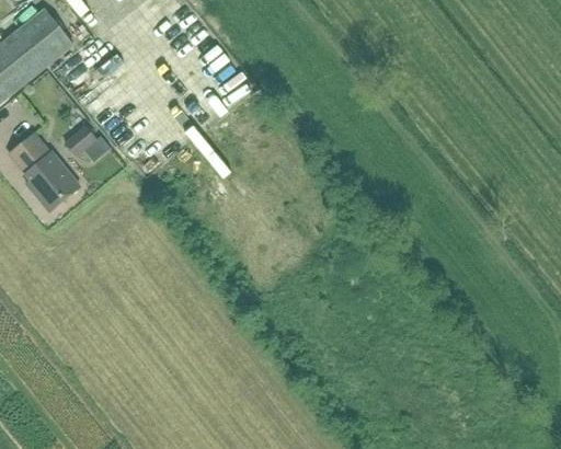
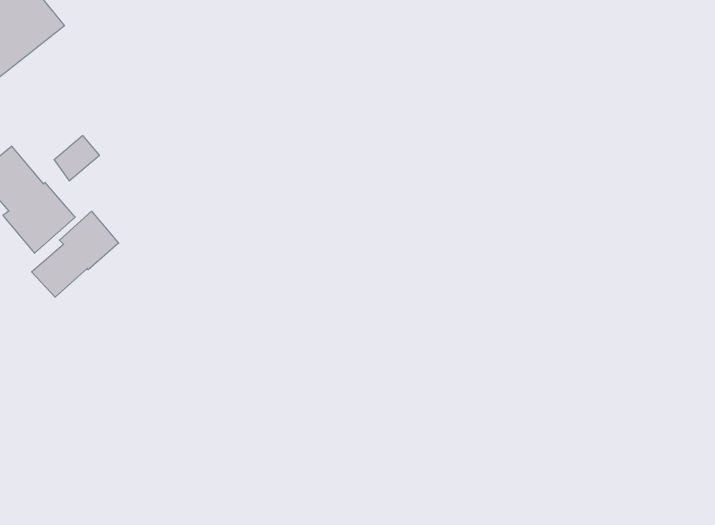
building: none -> [32,211,119,297]

